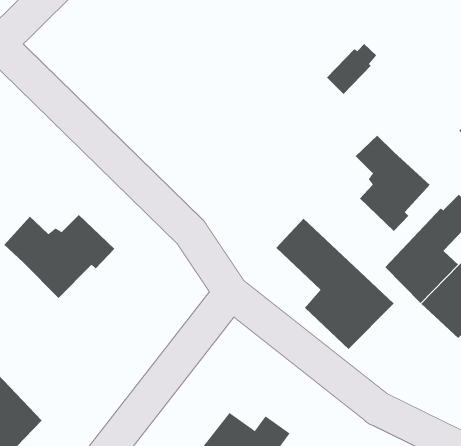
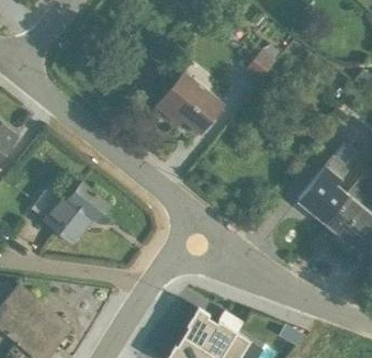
building: none -> [154,72,223,135]
building: [355,135,431,232] -> none
building: [275,218,394,350] -> none

